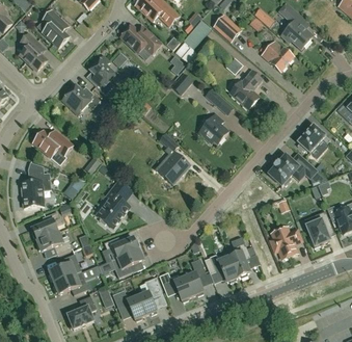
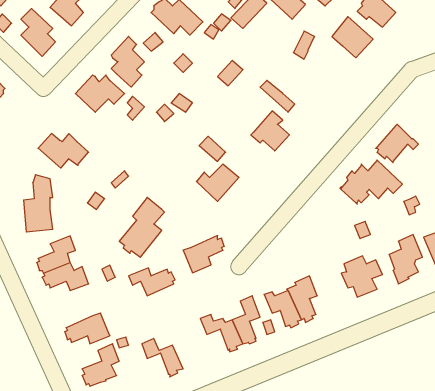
building: [229,70,262,109] -> none
building: [111,248,143,278] -> [183,236,224,273]
building: [48,254,77,283] -> none
building: [137,278,161,315] -> none

